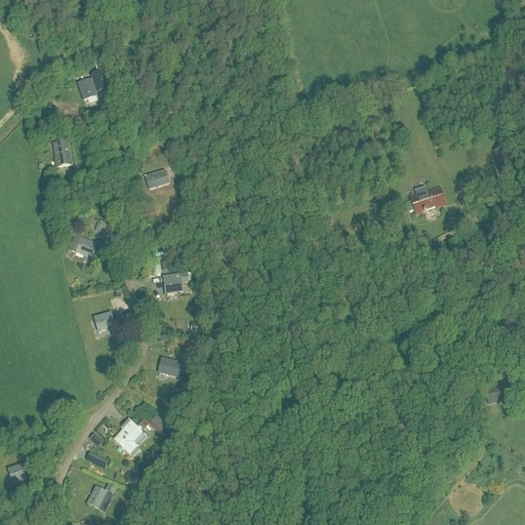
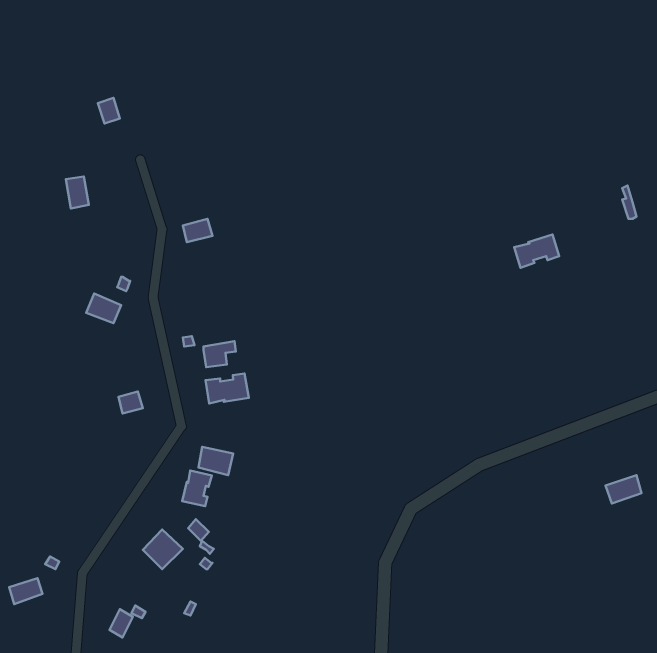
building: none -> [205,373,249,403]
building: none -> [182,470,212,506]

